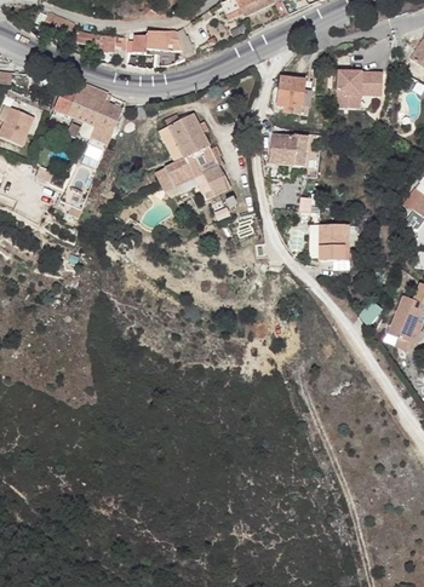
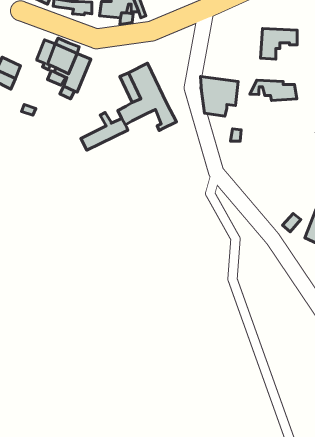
building: [275,76,311,114] -> none
building: none -> [250,80,297,100]
building: none -> [81,113,128,150]
building: [317,224,348,260] -> none

